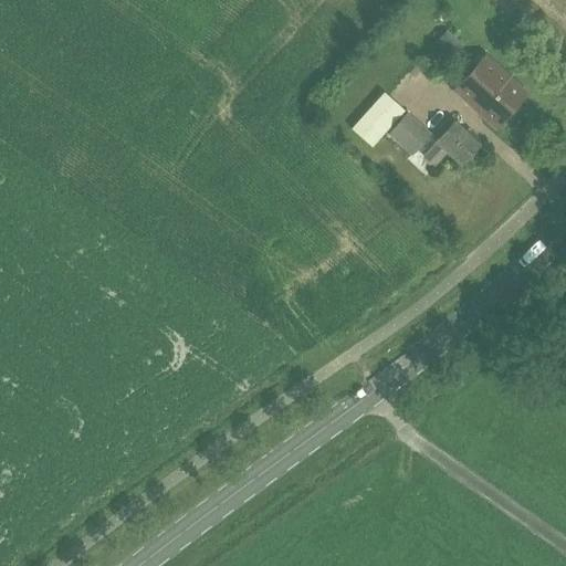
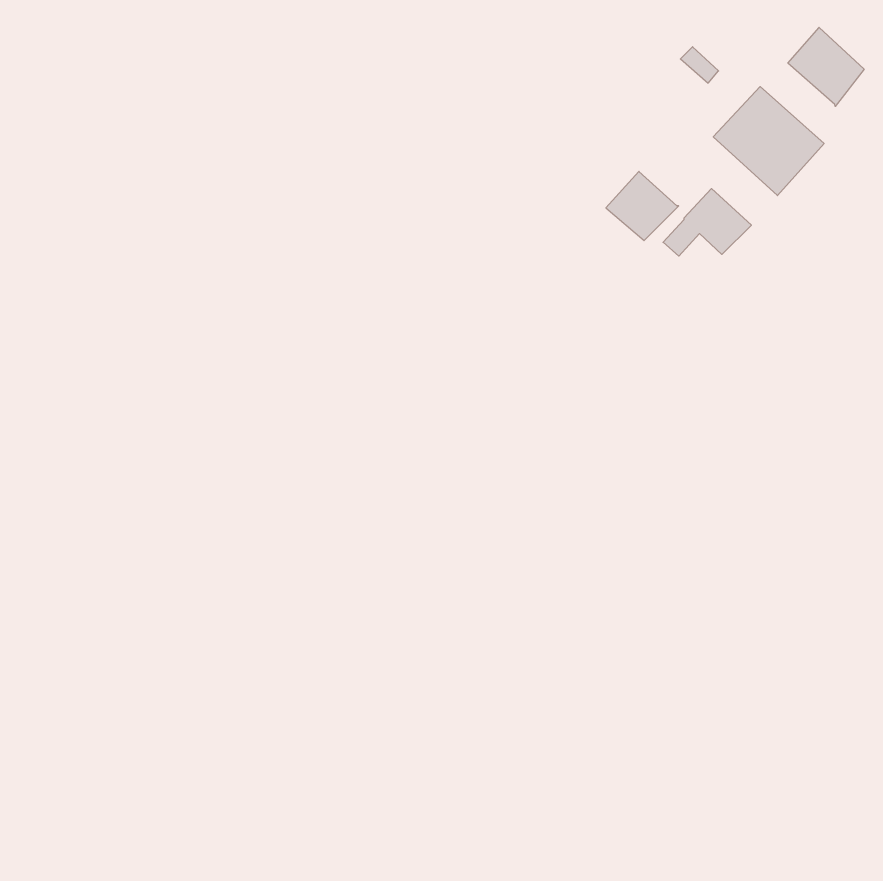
building: none -> [788,27,864,106]
building: [353,92,406,146] -> none

